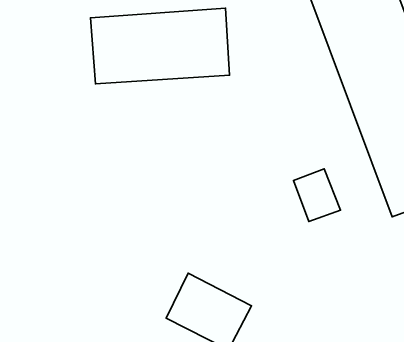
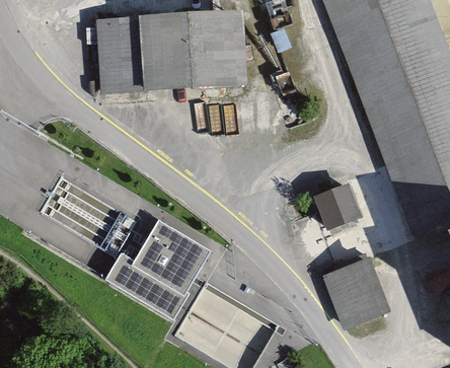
building: none -> [103,212,208,315]
building: none -> [329,255,394,329]

